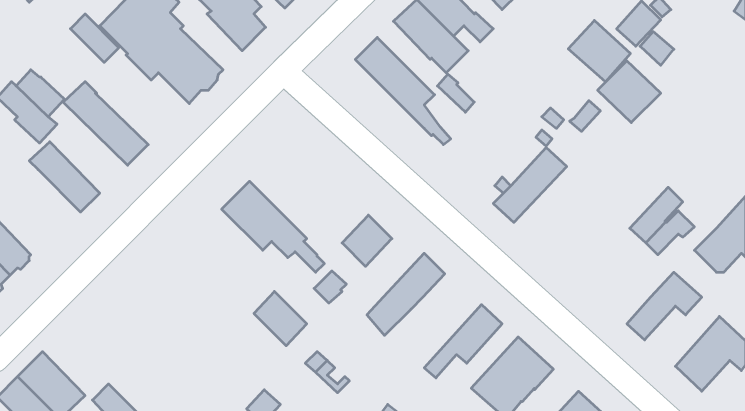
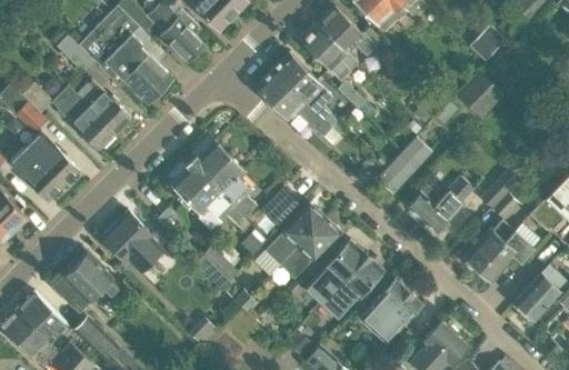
building: [568,20,630,82] -> none
building: none -> [254,70,342,149]
building: none -> [76,80,131,134]
building: none -> [192,141,257,218]
building: none -> [9,147,64,202]
building: none -> [408,177,473,233]
building: none -> [267,203,325,263]
building: none -> [101,211,163,272]
building: none -> [463,221,513,270]
building: none -> [315,240,368,303]
building: none -> [53,253,120,312]

